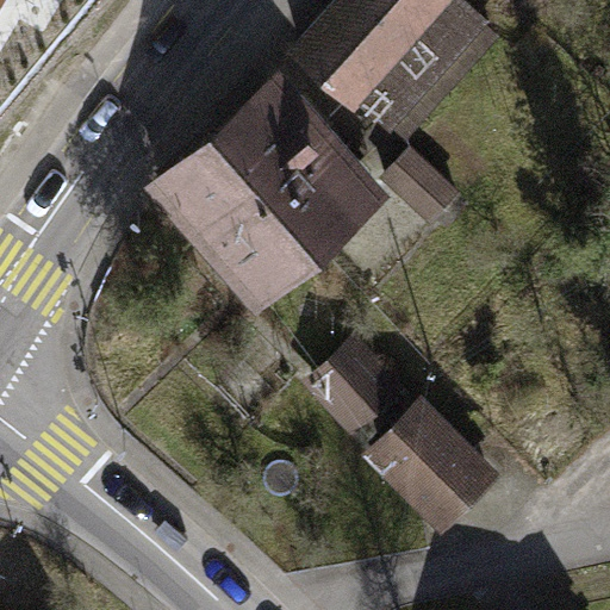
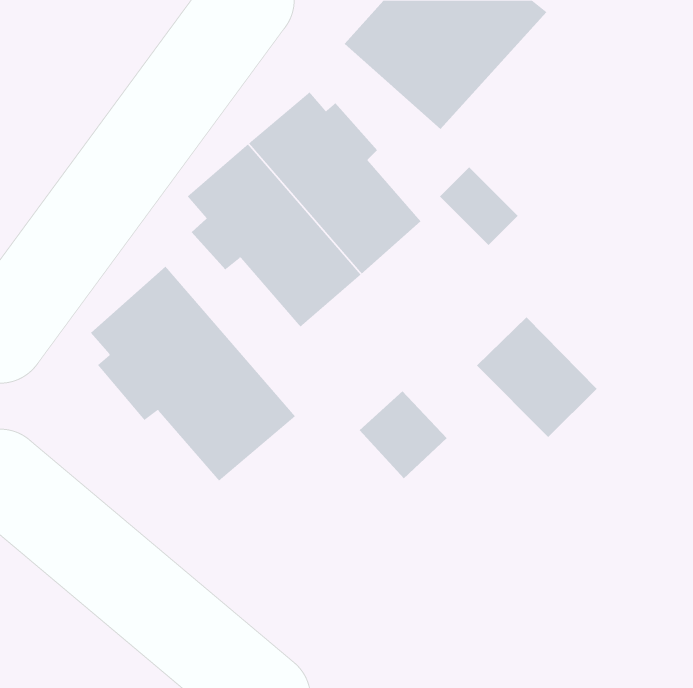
building: none -> [90,266,296,481]
building: [386,416,492,522] -> [476,316,597,438]

